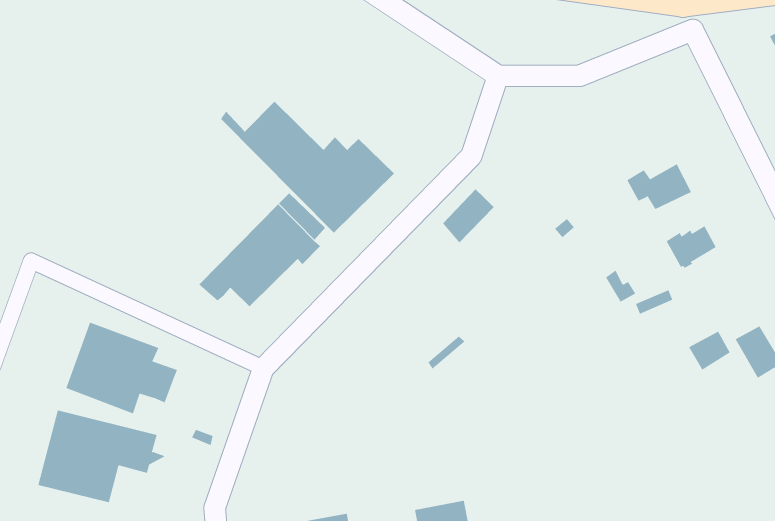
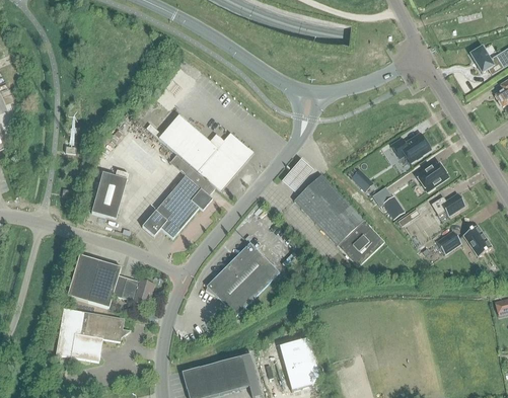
building: none -> [91,172,126,219]
building: none -> [294,175,384,266]
building: none -> [430,192,464,216]
building: none -> [206,242,279,315]
building: none -> [127,280,154,304]

